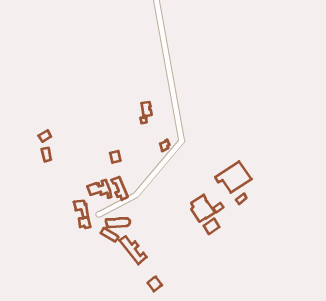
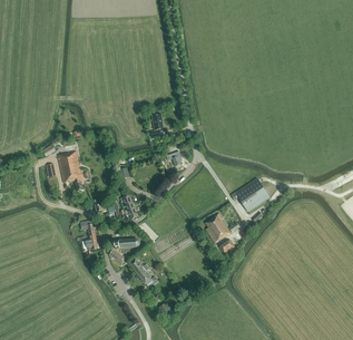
building: none -> [57,152,84,191]

